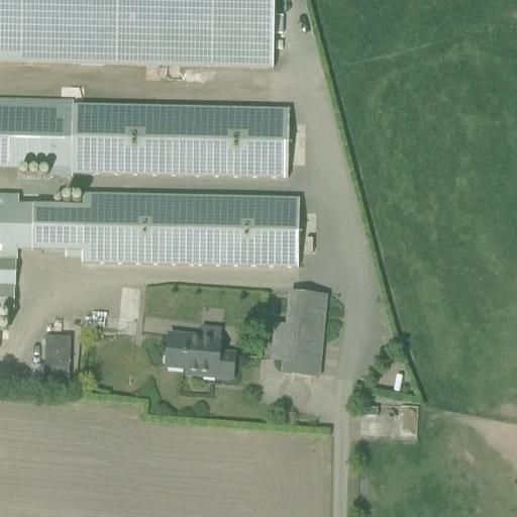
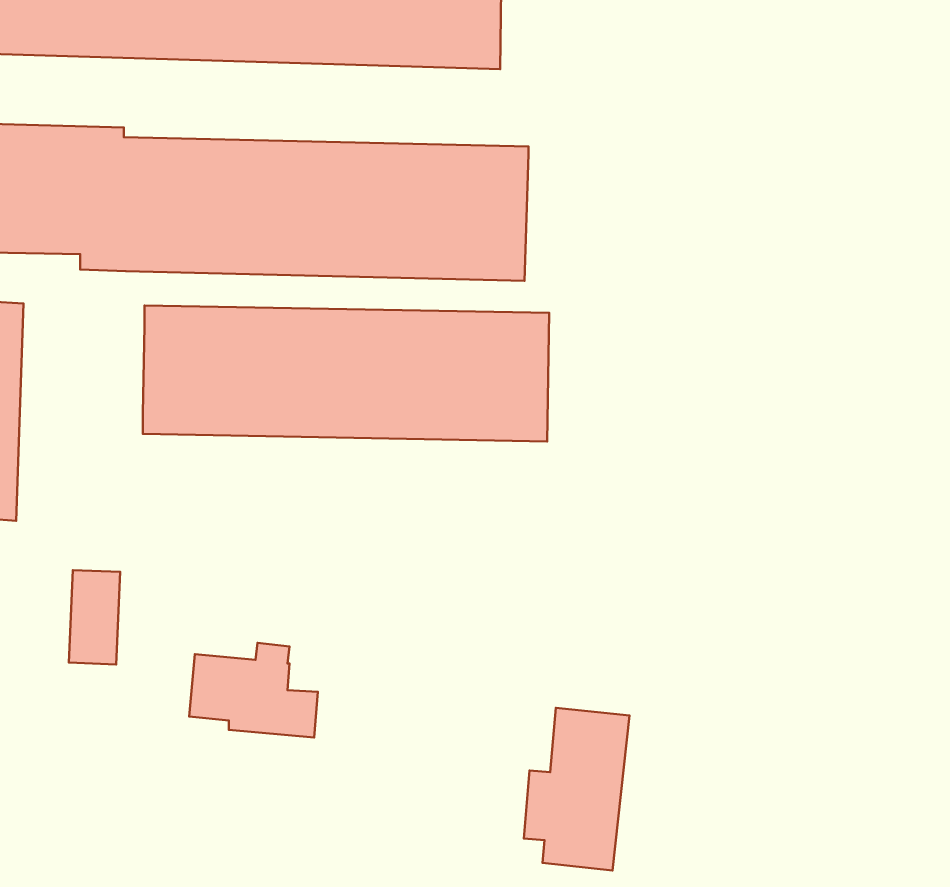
building: [30,202,83,250] -> none
building: [271,289,327,376] -> [524,708,630,871]
building: [166,326,234,377] -> [189,643,318,737]

